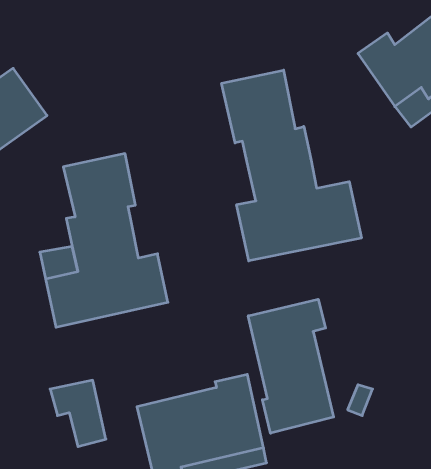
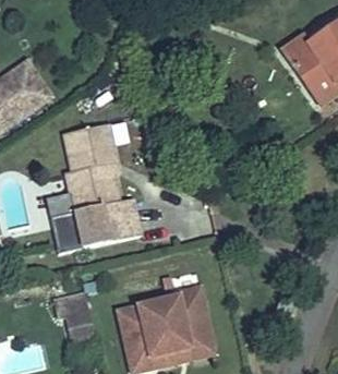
building: [222,70,361,261] -> none
building: [248,299,334,433] -> none

